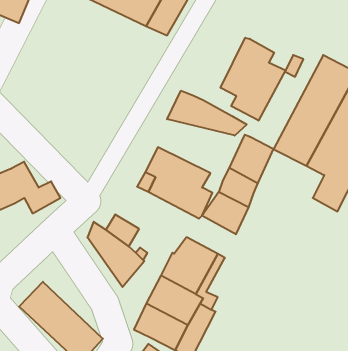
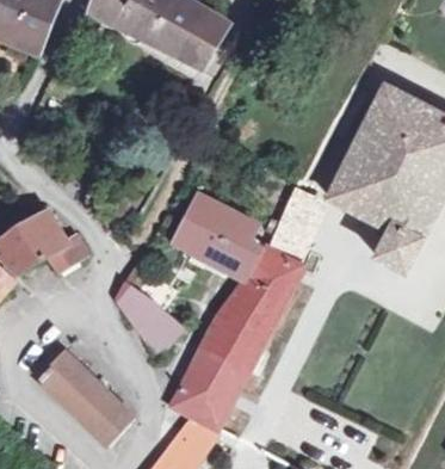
building: [221,38,286,121] -> none
building: [167,91,247,136] -> none
building: none -> [229,276,286,325]

